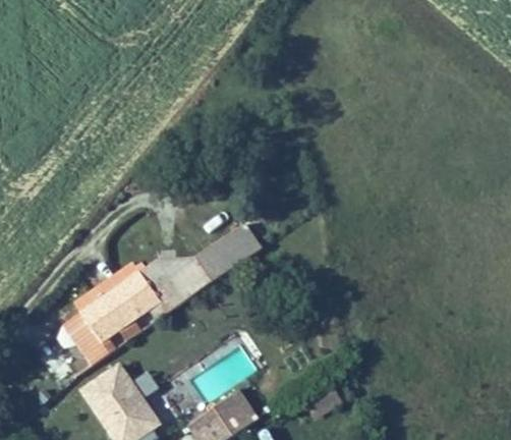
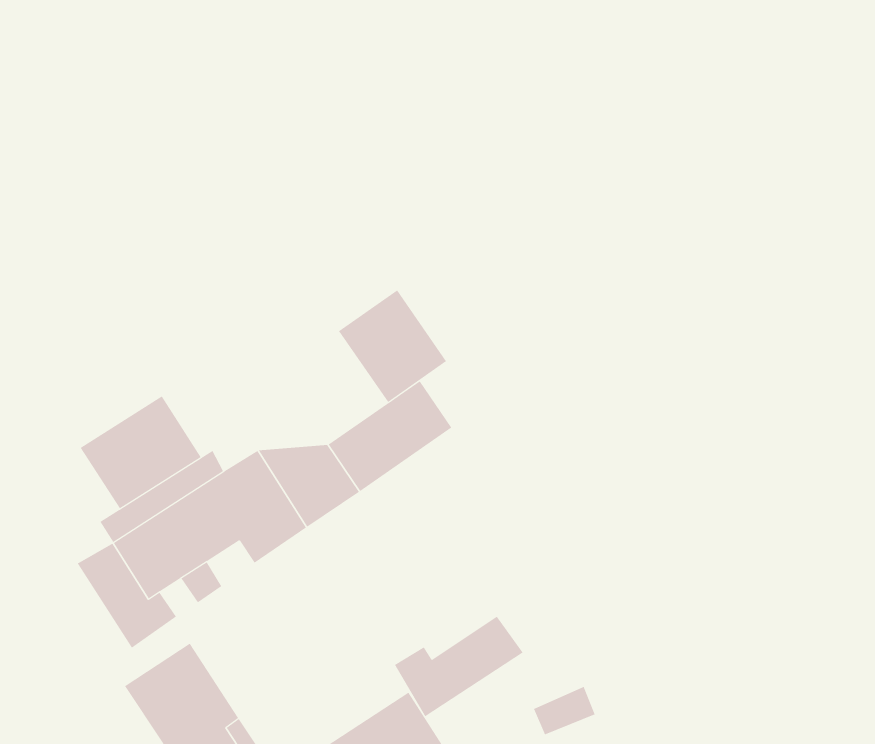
building: none -> [338,289,447,403]
building: none -> [80,396,201,509]
building: none -> [394,616,524,717]

